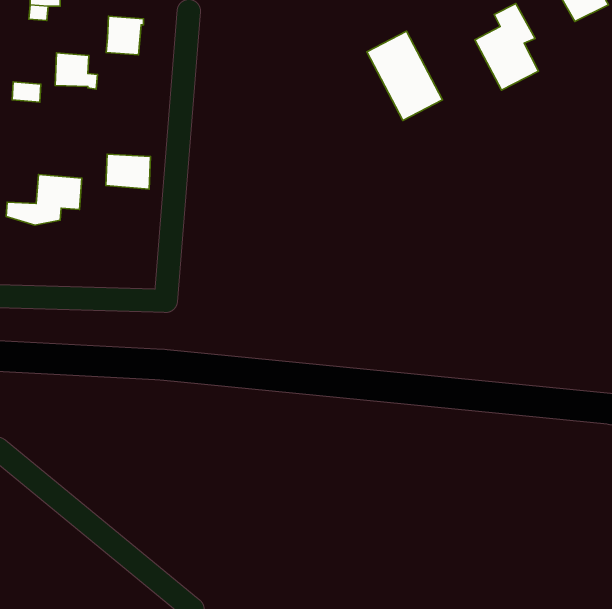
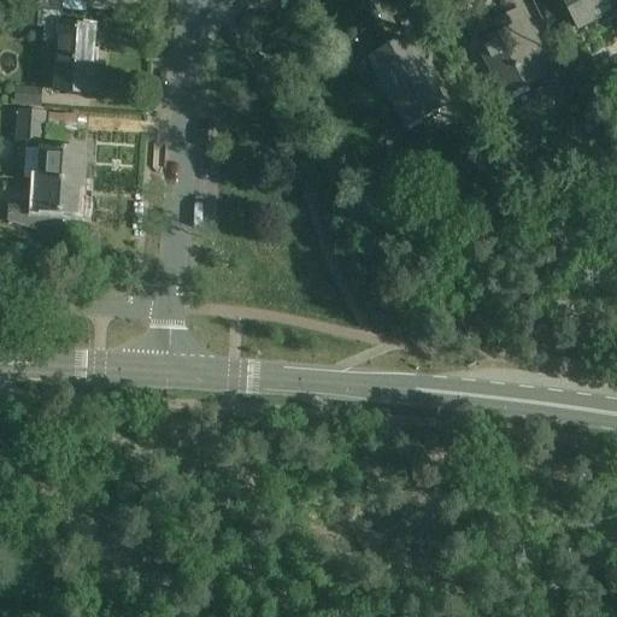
building: [106,16,143,55] -> [57,17,94,55]
building: none -> [14,106,43,139]
building: [106,154,150,189] -> [39,143,83,178]

